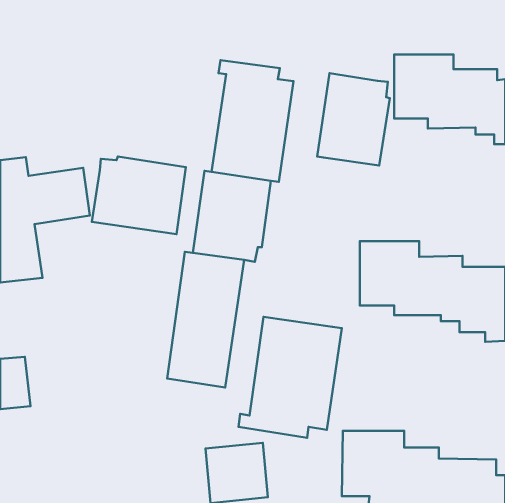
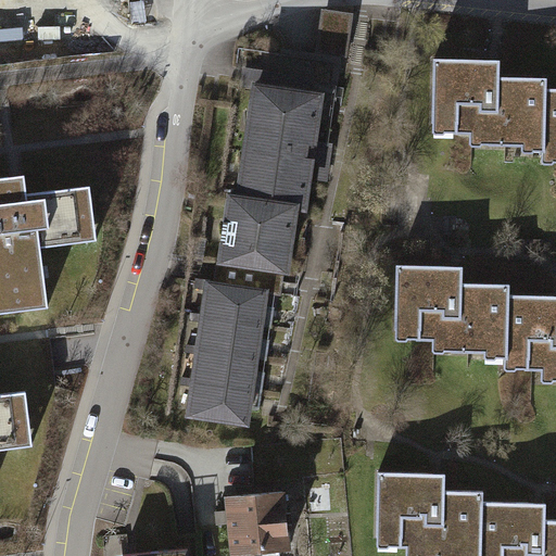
building: [317,73,390,165] -> none
building: [92,157,186,234] -> none
building: [238,317,342,438] -> none

